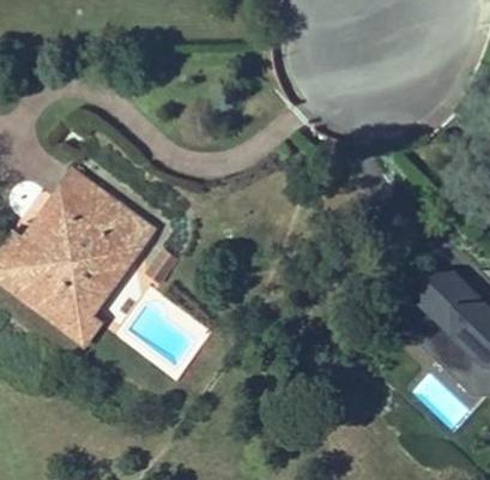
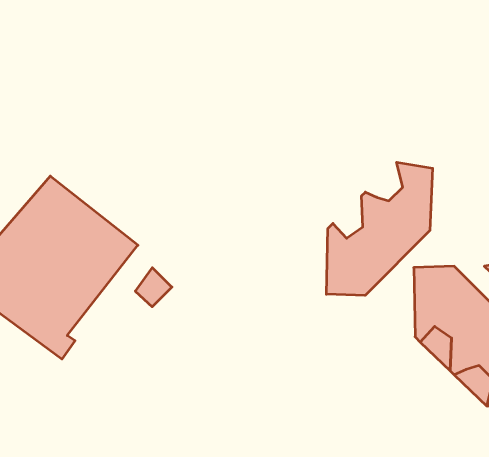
building: none -> [326,162,433,295]

